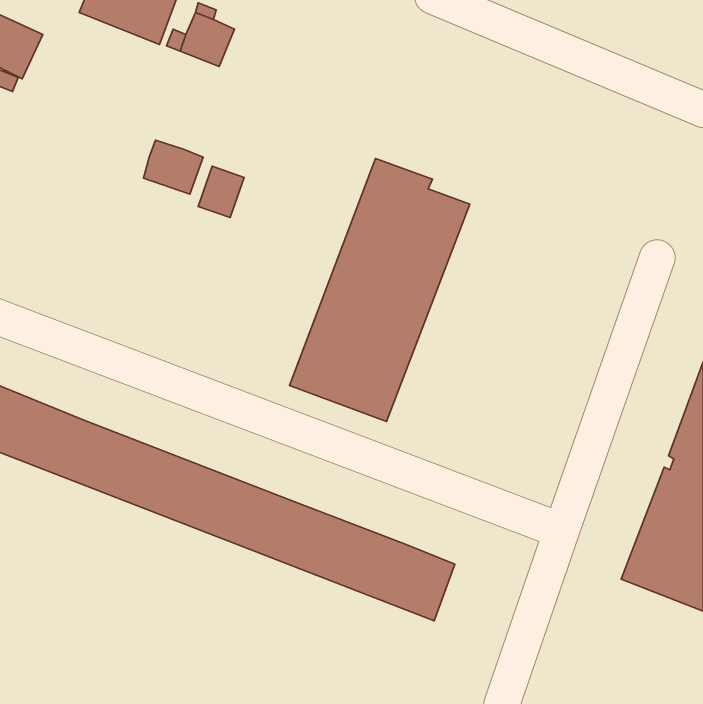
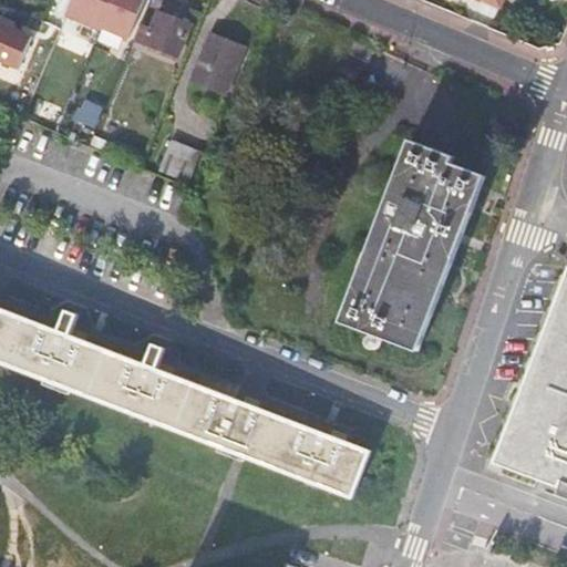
building: none -> [192,32,241,90]
building: [143,140,203,194] -> none
building: [290,158,470,422] -> [340,137,484,348]

